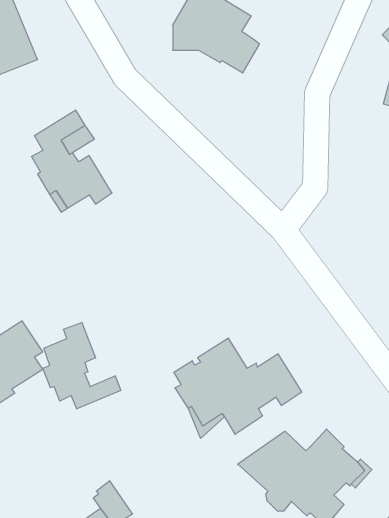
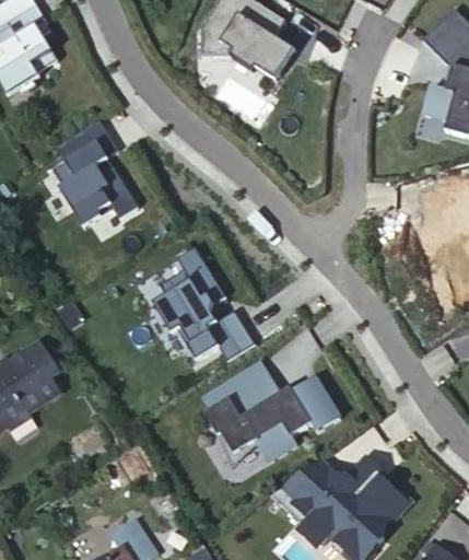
building: none -> [152,246,255,361]
building: [43,322,121,409] -> none

